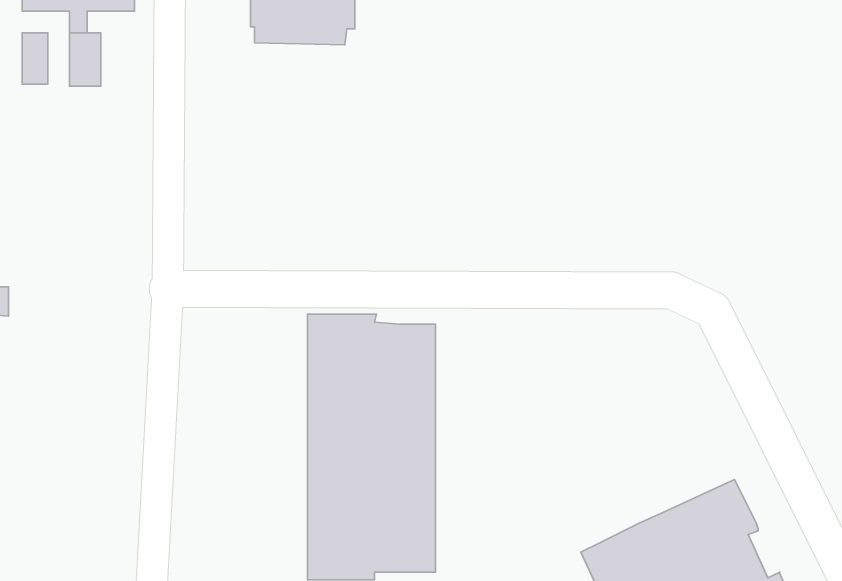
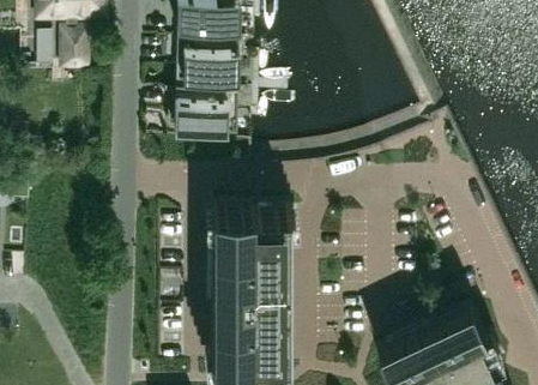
building: none -> [176,41,240,83]
building: none -> [174,91,237,136]

